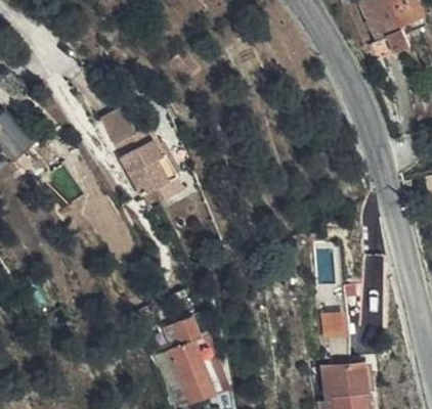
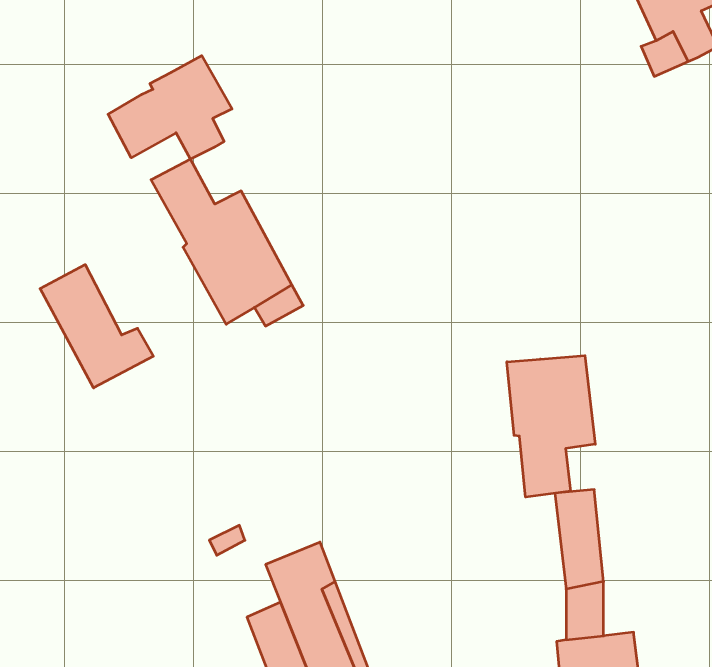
building: none -> [108,56,232,159]
building: none -> [40,265,153,388]
building: none -> [507,356,595,497]

